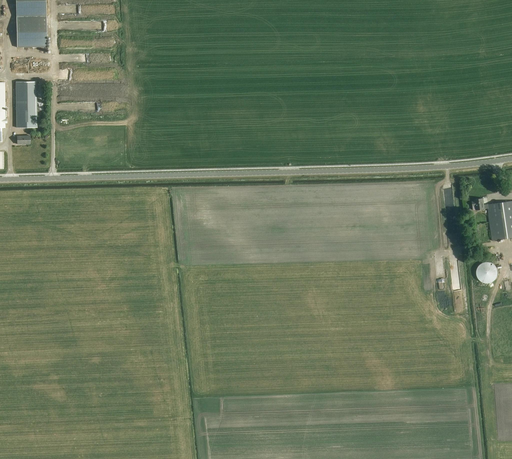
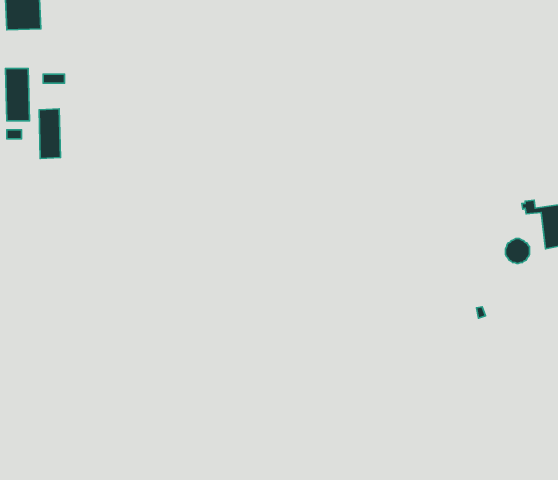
building: none -> [39,109,60,158]
building: [476,261,497,283] -> [506,239,529,264]

